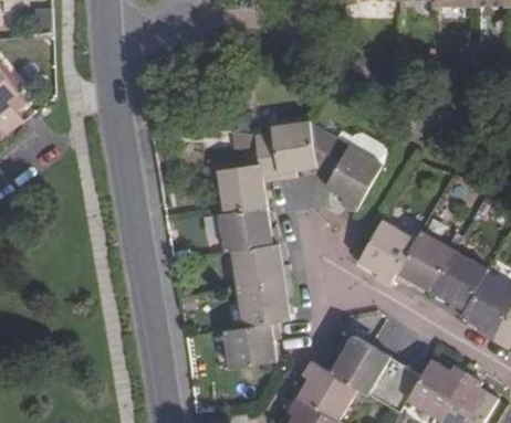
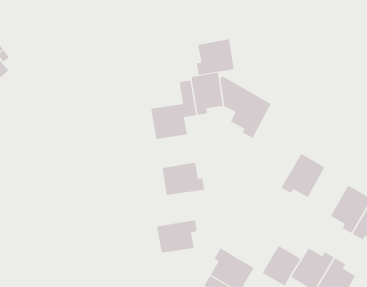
building: none -> [196,38,234,75]
building: [218,205,278,252] -> none
building: [358,220,415,287] -> none
building: [430,250,488,316] -> none
building: [237,281,293,327] -> none
building: [331,335,389,393] -> none

